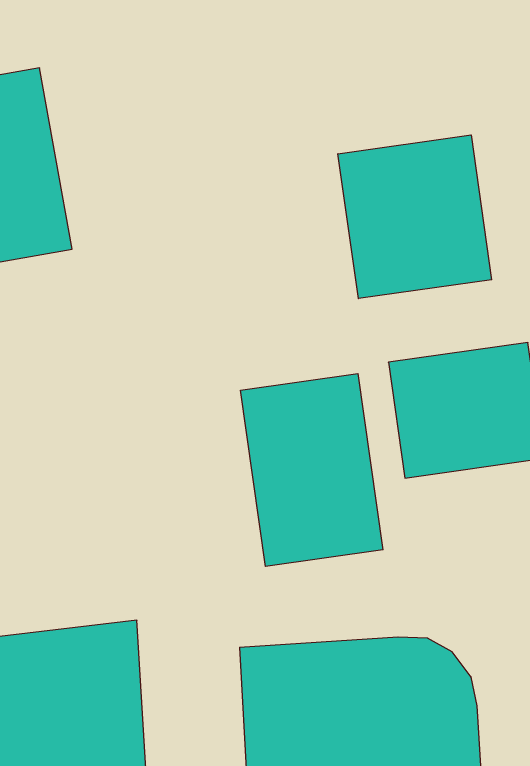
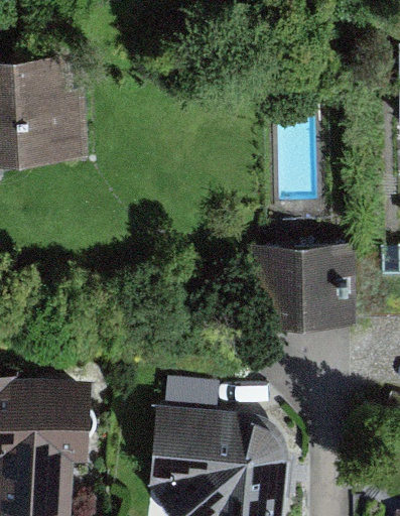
building: [338,135,492,299] -> none
building: [241,374,383,566] -> none

